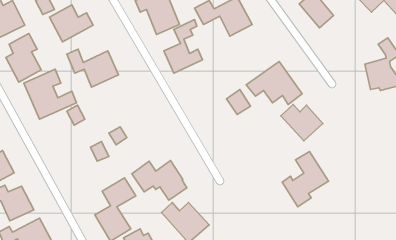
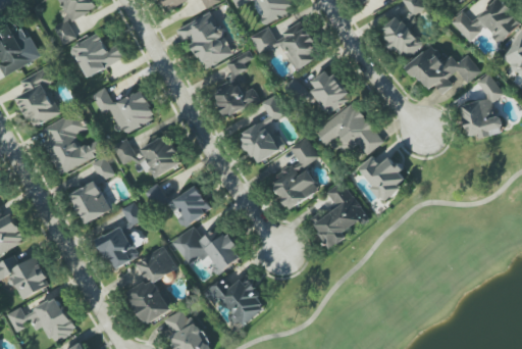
building: none -> [406,47,480,94]
building: none -> [310,68,349,113]
building: none -> [239,95,283,163]
building: none -> [112,135,180,177]
building: none -> [268,165,319,209]
building: none -> [68,181,110,223]
building: none -> [171,185,211,229]
building: [282,152,328,207] -> [309,181,366,249]
building: none -> [96,226,138,270]

